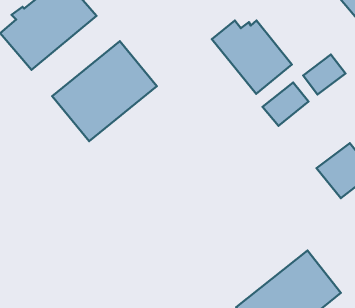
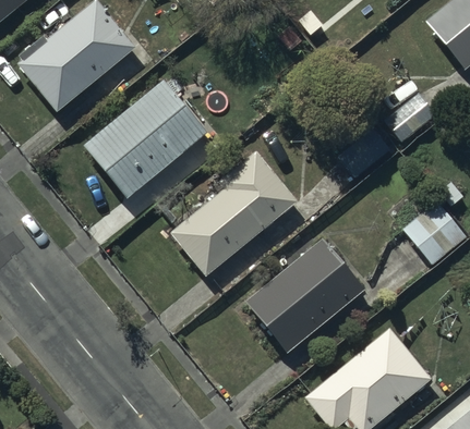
building: [212,20,292,94] -> none
building: none -> [171,150,298,275]
building: none -> [244,240,365,355]

